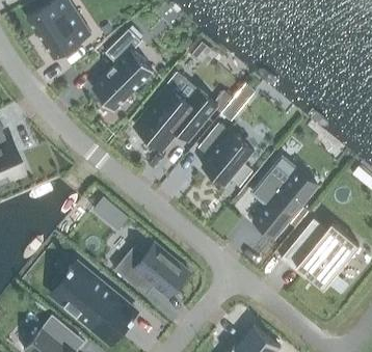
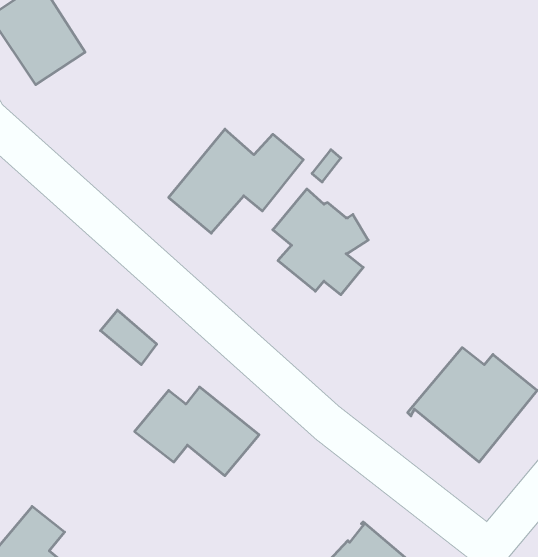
building: [91,29,153,111] -> none
building: [253,169,317,238] -> none
building: [57,266,143,336] -> none

